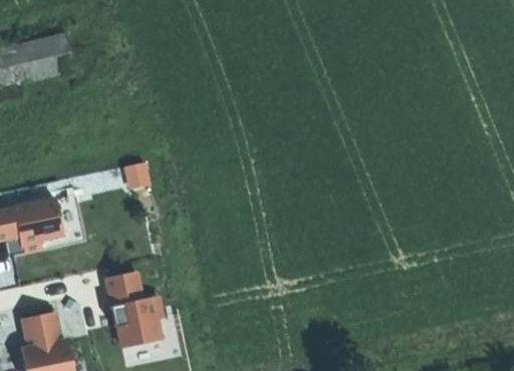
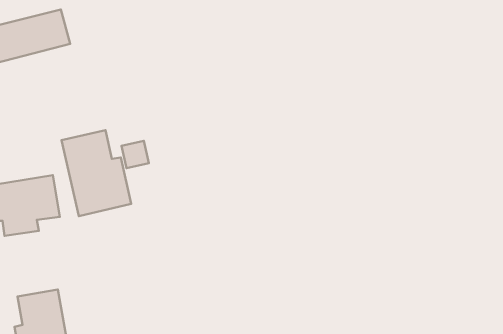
building: none -> [62,130,131,216]
building: [105,269,167,346] -> none

